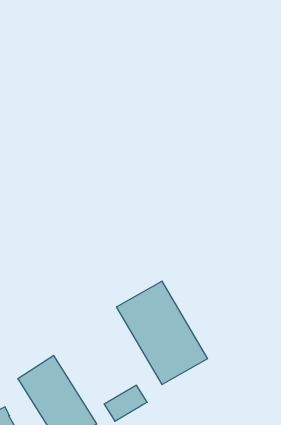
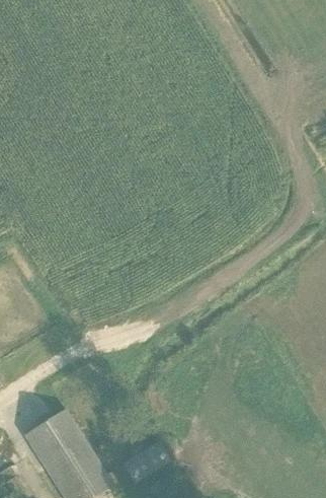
building: [117,281,207,385] -> none

